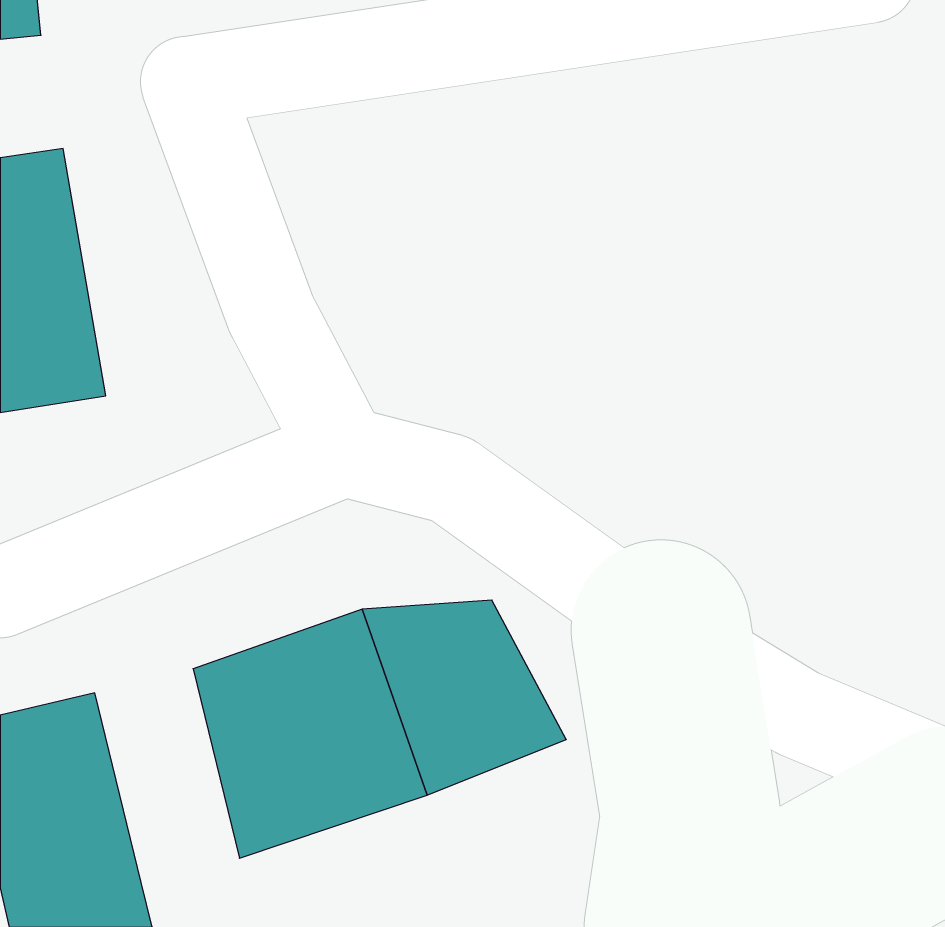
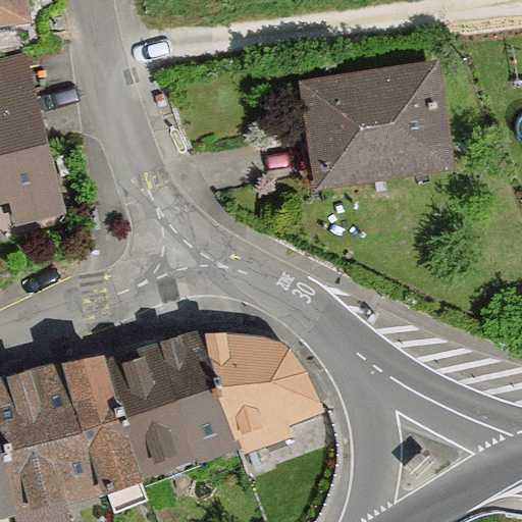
building: none -> [297,67,449,187]
building: none -> [54,367,134,484]

